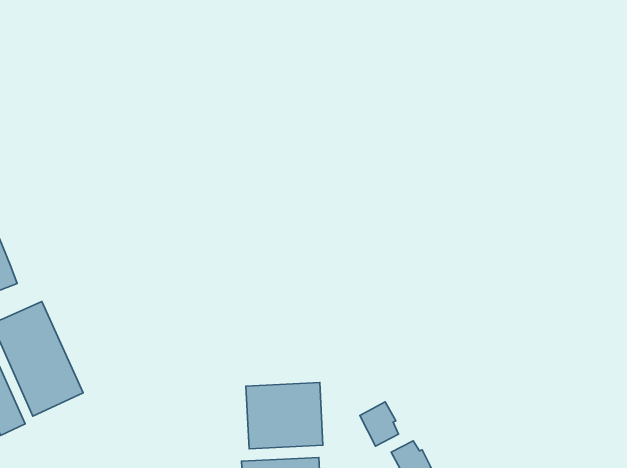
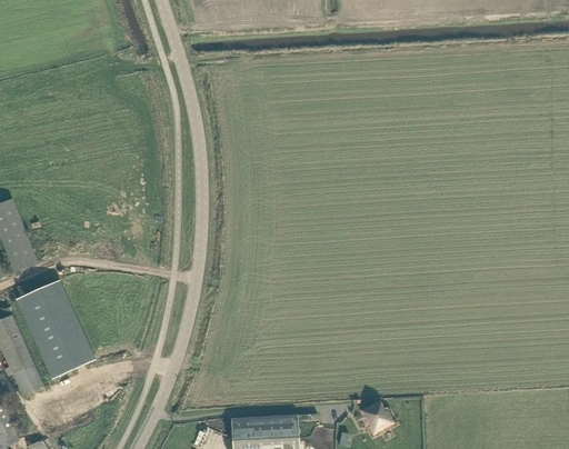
building: [246,383,323,449] -> none
building: [360,402,398,446] -> none

